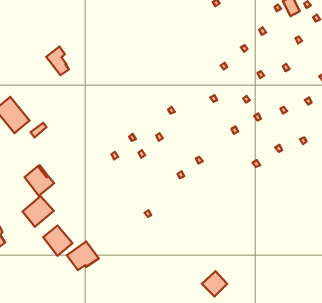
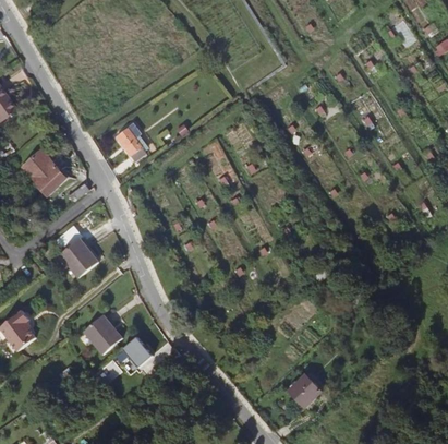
building: [46,47,69,75] -> [116,123,145,160]
building: [23,196,54,227] -> none

